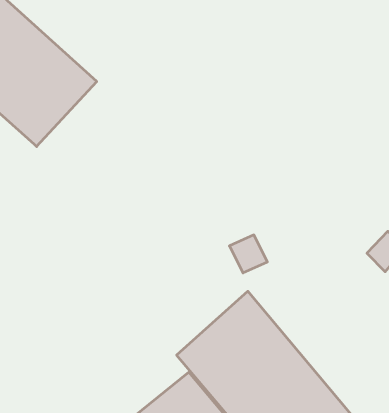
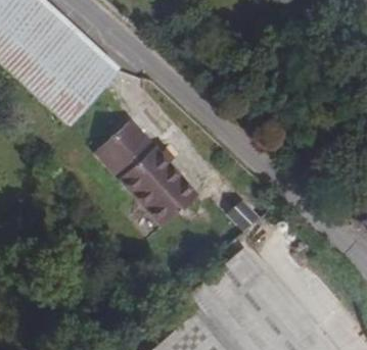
building: none -> [100,119,199,228]

